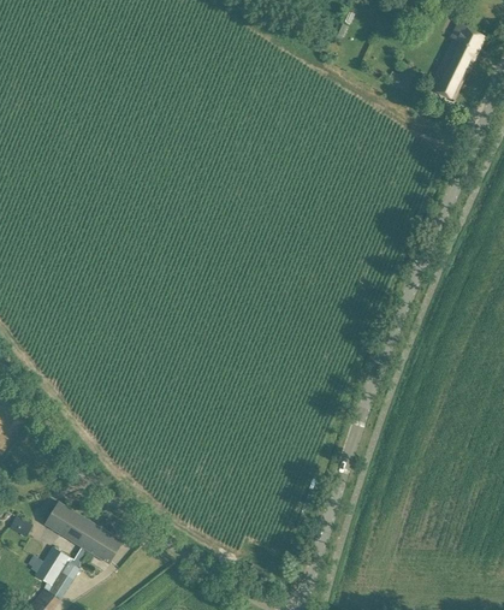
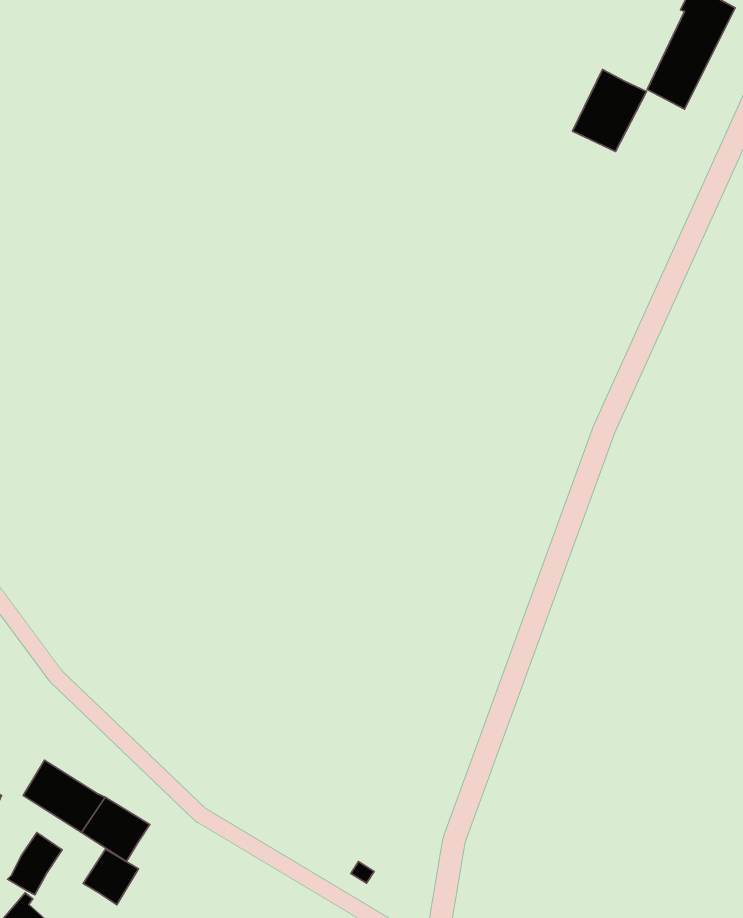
building: none -> [572,69,647,151]
building: none -> [83,849,139,905]

